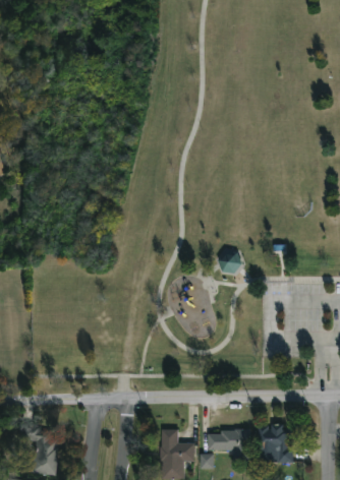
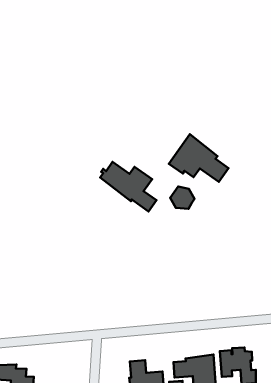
building: none -> [169,134,229,182]
building: none -> [100,162,156,211]

